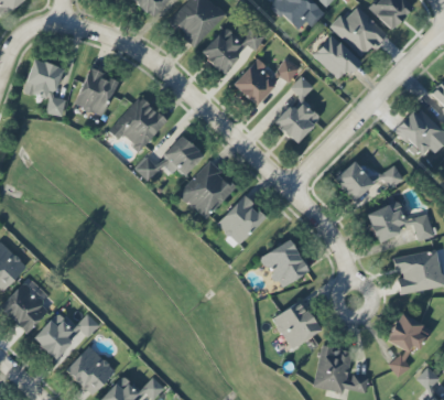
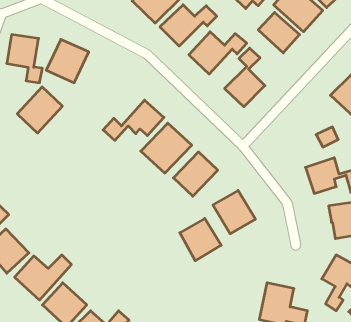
building: [117,99,169,152] -> [17,87,62,133]
building: [334,161,375,202] -> none
building: [273,301,321,349] -> [180,218,221,261]

